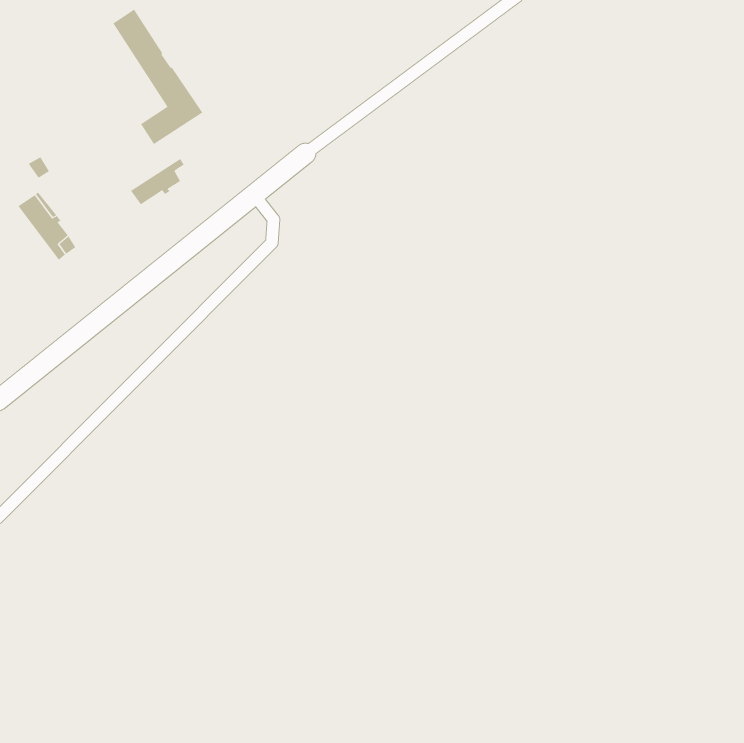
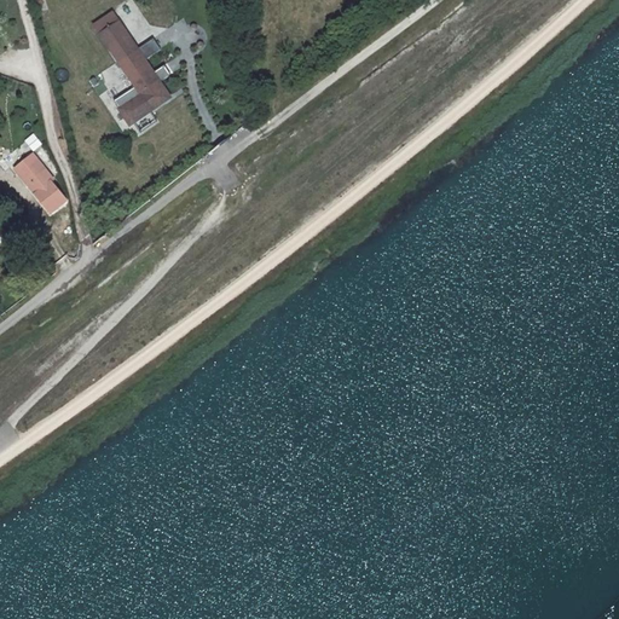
building: [130,158,184,205] -> none

